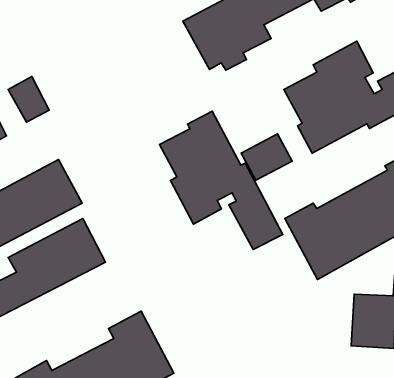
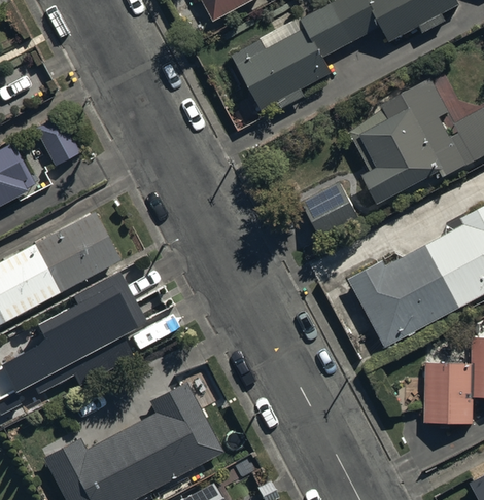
building: [160,111,283,250] -> none

